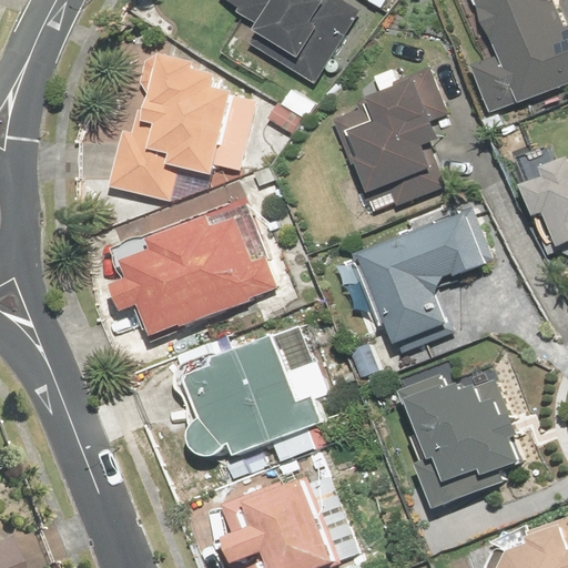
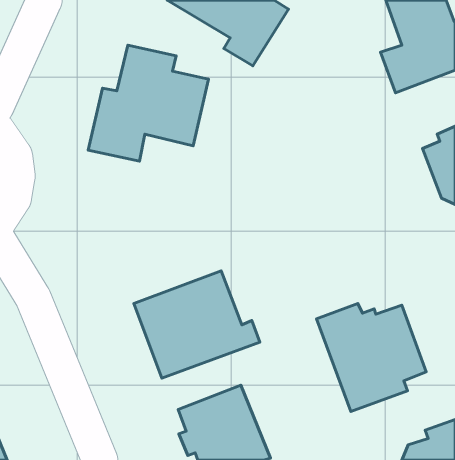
building: [331,67,448,214] -> none
building: [358,207,491,354] -> none
building: [111,216,276,335] -> none

